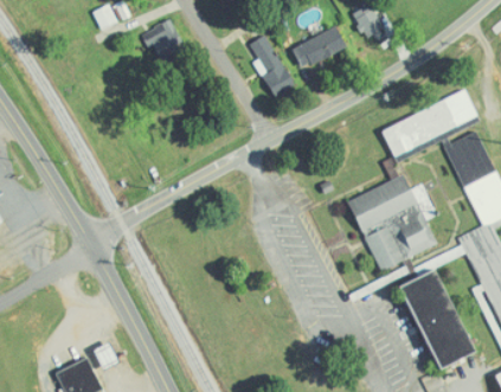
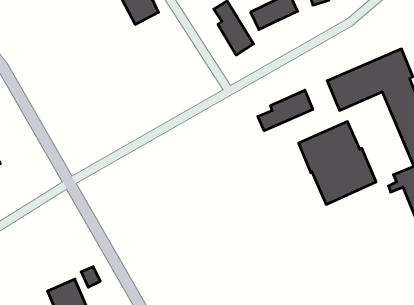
building: none -> [258,90,313,131]
building: [398,269,474,369] -> none

